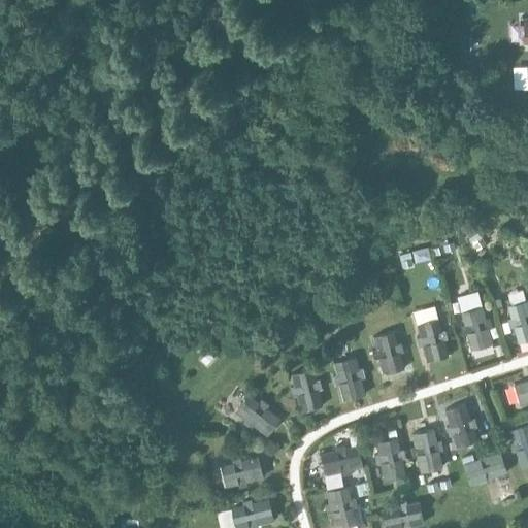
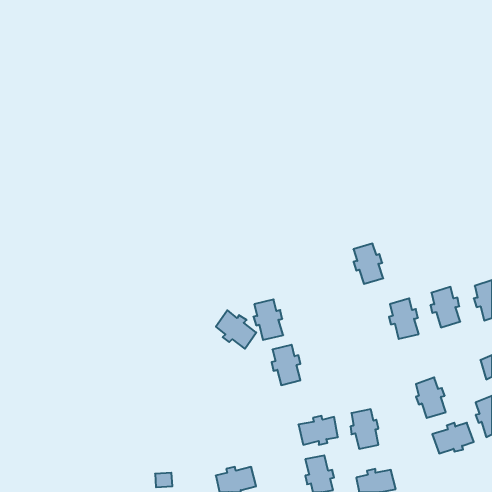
building: [372,332,404,375] -> [353,244,383,284]
building: [333,358,365,401] -> [253,299,283,340]
building: [236,395,279,436] -> [216,310,256,349]
building: [411,430,442,472] -> none
building: [221,458,263,489] -> none

